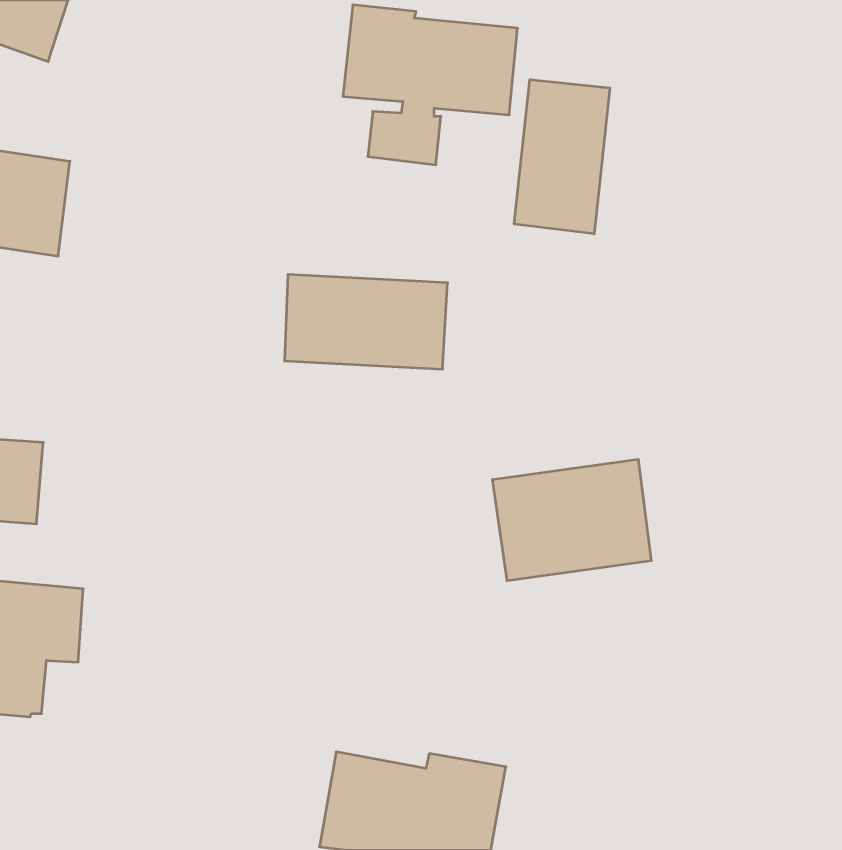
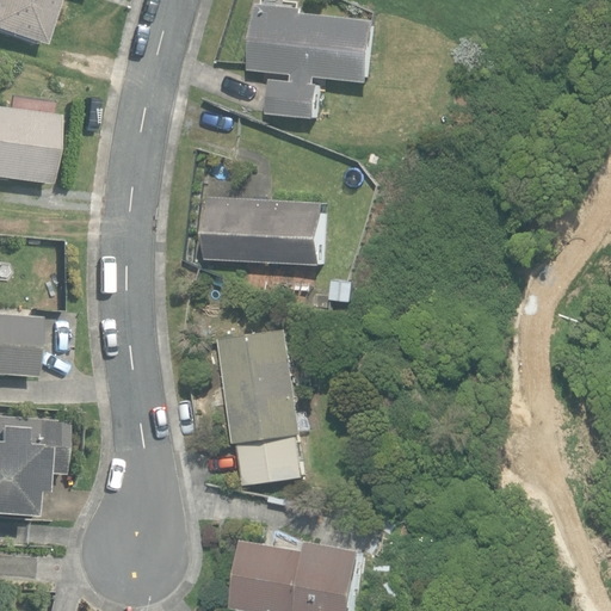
building: [514,80,610,234] -> none
building: none -> [217,329,302,486]
building: [493,459,651,581] -> none

